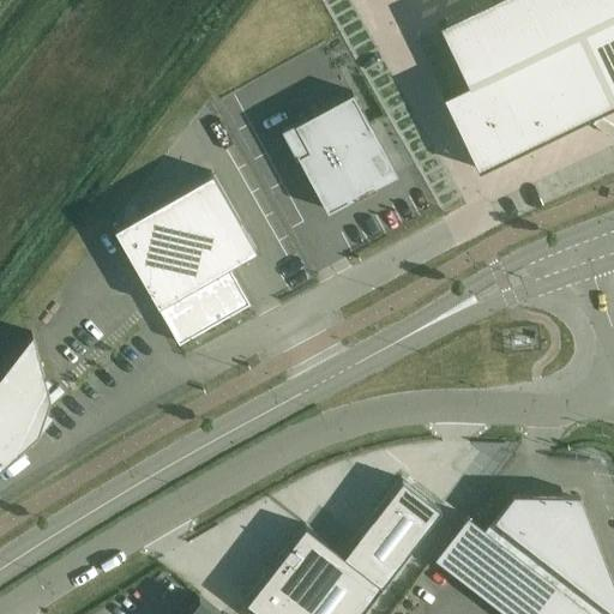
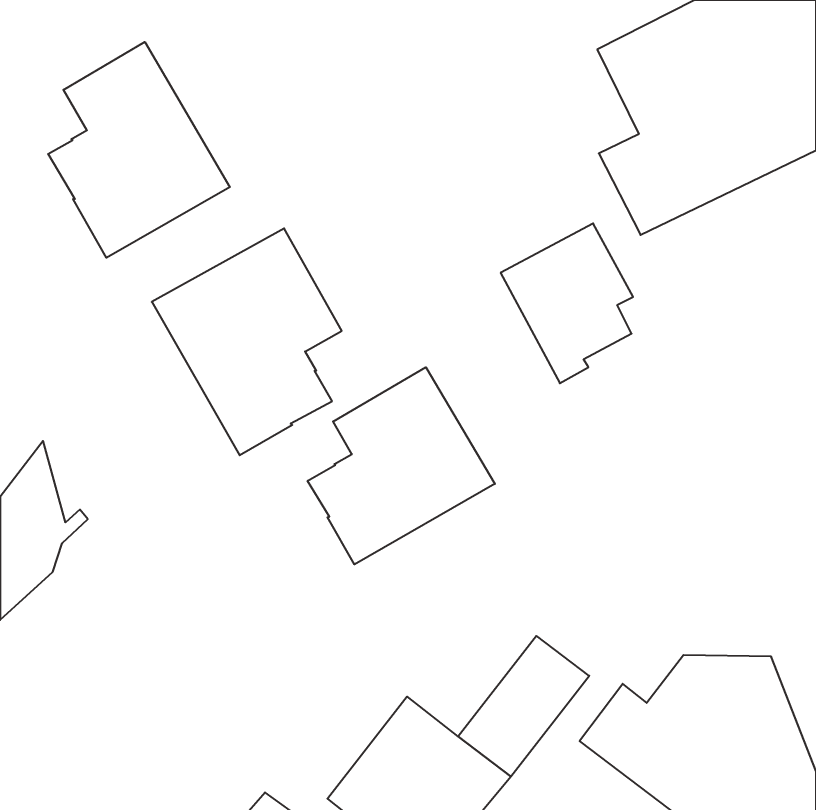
building: none -> [48,42,230,258]
building: [283,95,383,215] -> [501,223,633,383]
building: none -> [308,367,495,564]

